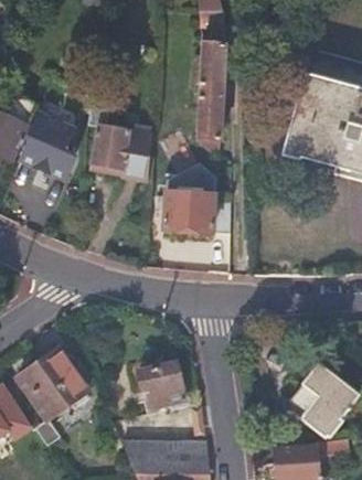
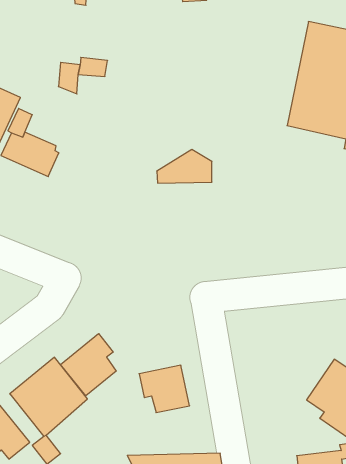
building: [194,38,224,158] -> none
building: [92,111,151,182] -> none
building: [164,193,231,236] -> none
building: none -> [60,334,116,396]

